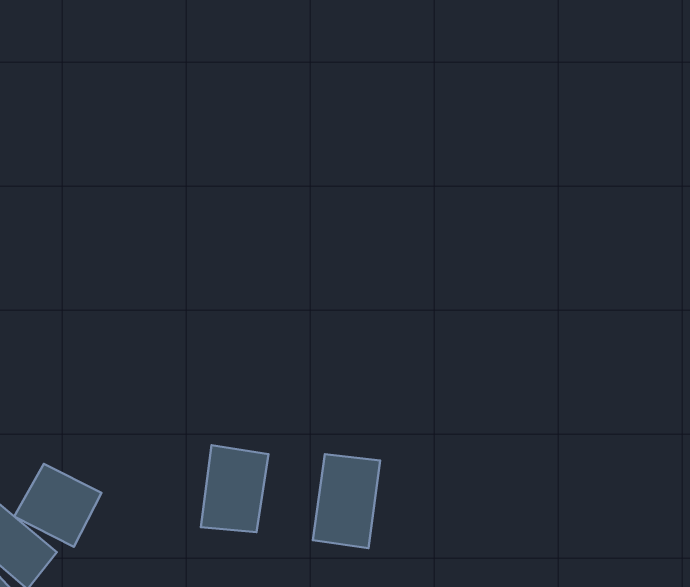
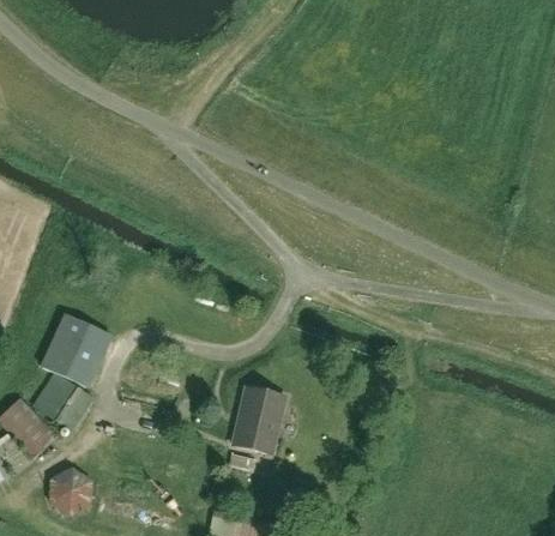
building: none -> [43,314,110,385]
building: [201,445,268,532] -> none

